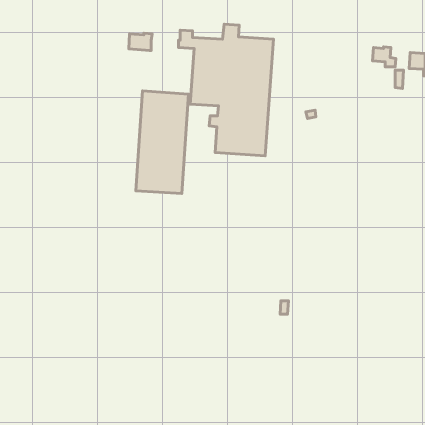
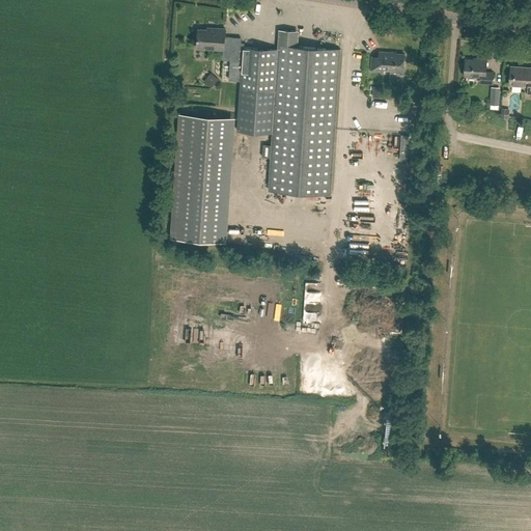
building: [129,33,152,51] -> [196,29,225,51]
building: none -> [370,52,403,79]

